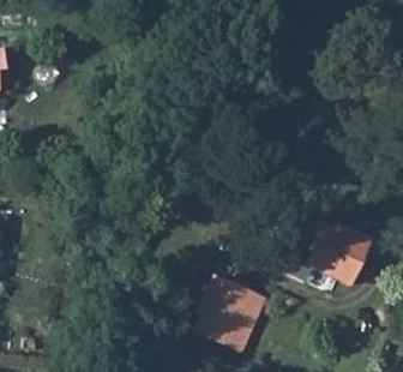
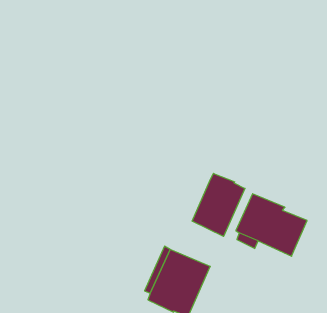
building: none -> [192,173,245,236]

